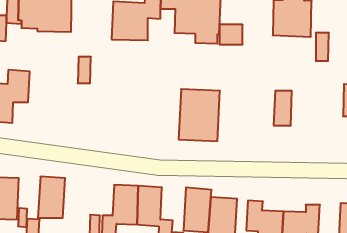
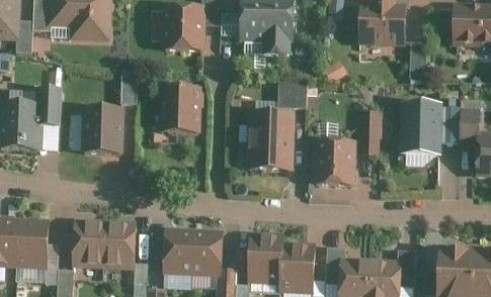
building: [219,25,243,44] -> [276,83,305,107]
building: none -> [156,86,201,133]
building: none -> [400,101,441,154]
building: none -> [79,106,122,154]
building: none -> [313,139,355,185]
building: none -> [100,219,135,269]

